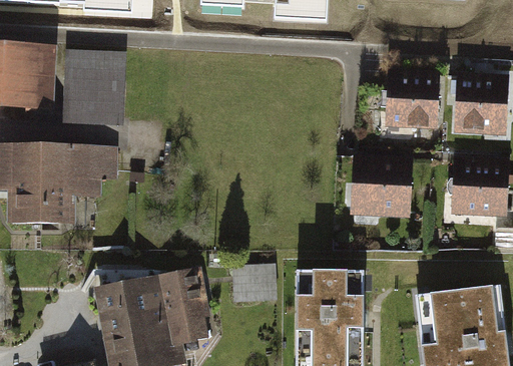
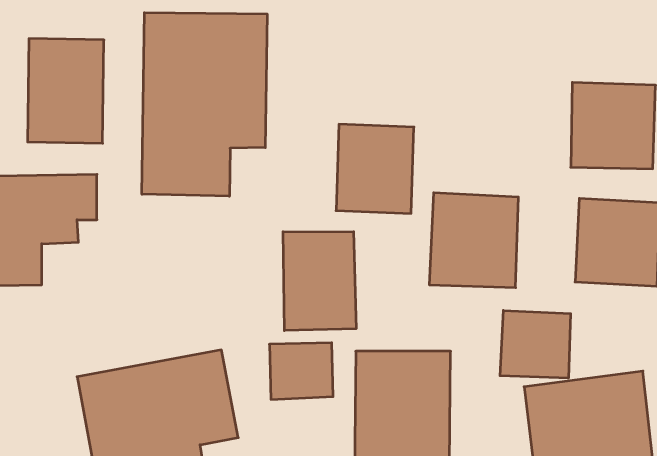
building: none -> [142,13,267,196]
building: [386,73,441,136] -> [336,124,414,213]
building: none -> [283,232,356,331]
building: none -> [500,310,571,378]

